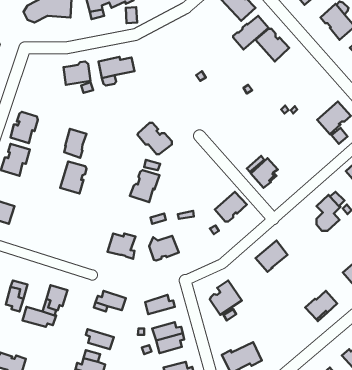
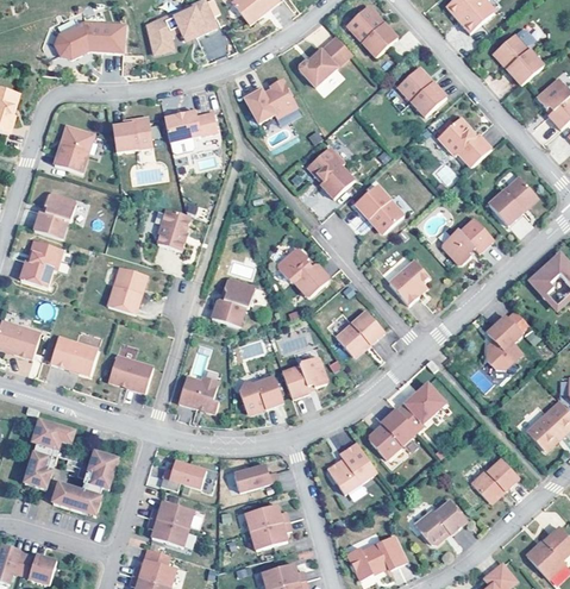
building: [233,16,268,49] -> [300,36,352,86]
building: none -> [244,80,299,123]
building: none -> [439,115,491,167]
building: none -> [52,125,92,173]
building: none -> [307,145,355,198]
building: none -> [355,184,403,232]
building: [137,123,172,154] -> [277,249,328,295]
building: [64,129,87,158] -> [157,208,190,251]
building: none -> [443,219,494,264]
building: none -> [50,336,98,375]
building: none -> [107,355,152,391]
building: none -> [282,356,327,399]
building: none -> [369,408,416,459]
building: none -> [33,419,75,449]
building: none -> [148,499,193,527]
building: none -> [415,500,466,544]

